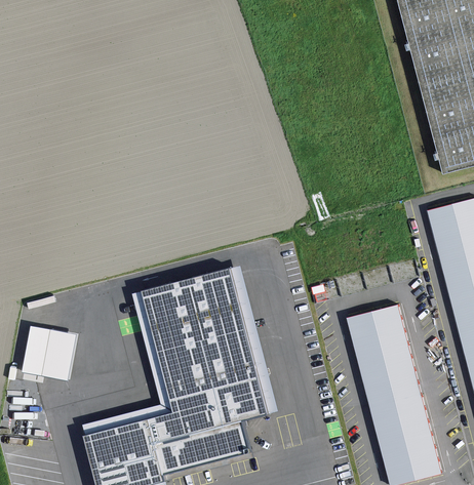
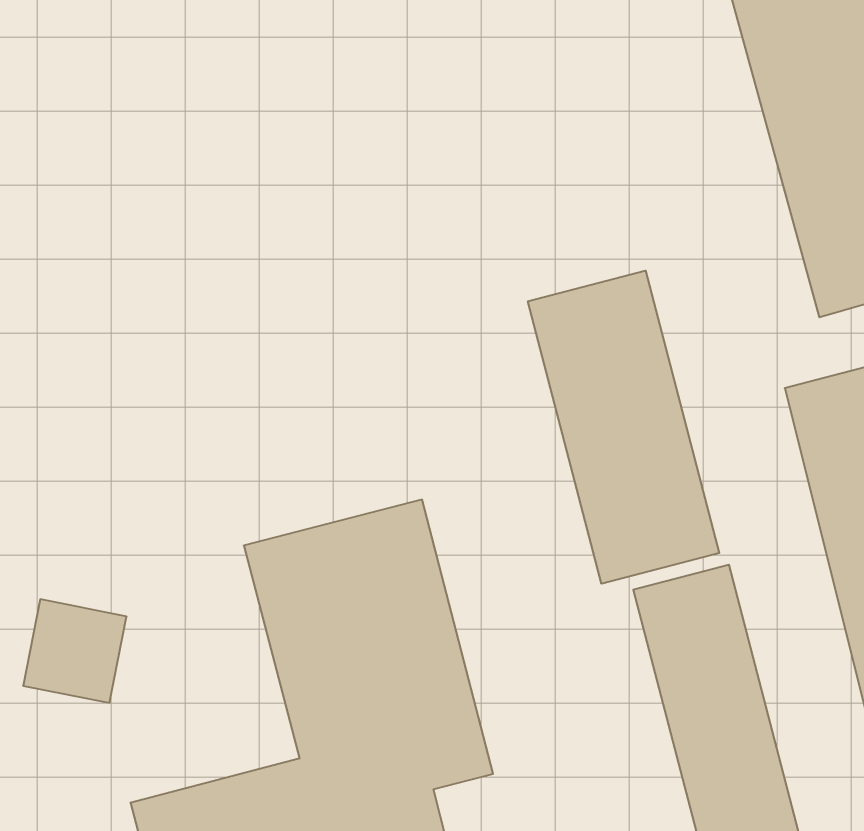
building: none -> [528,271,719,584]

